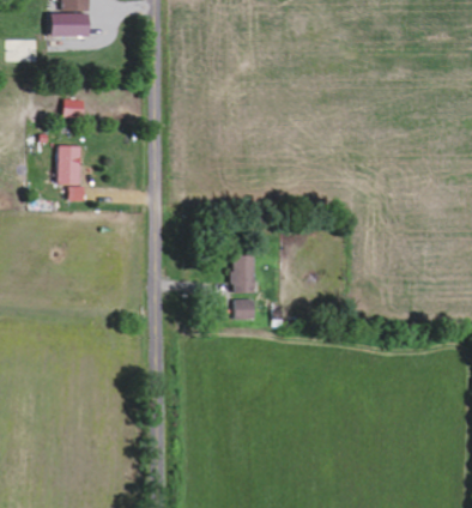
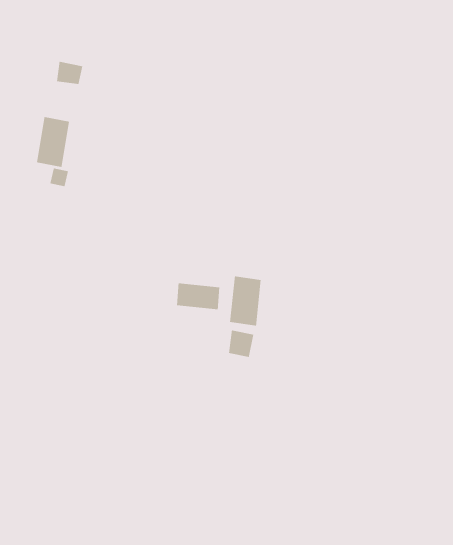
building: none -> [176,282,220,310]

